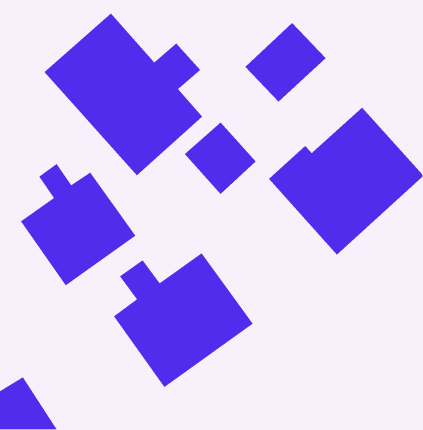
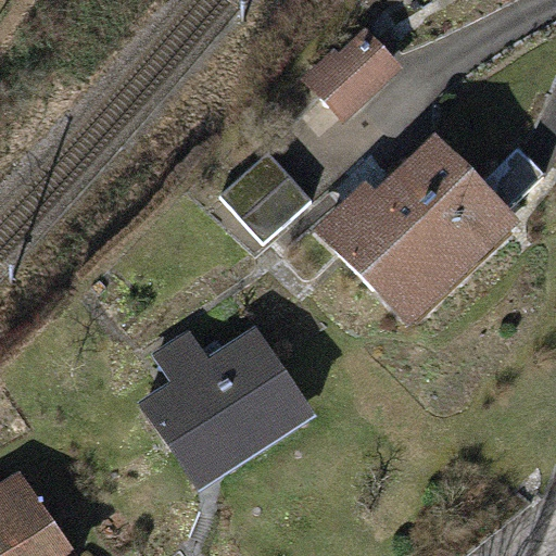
building: [44,13,203,176] -> none
building: [20,163,136,287] -> none

